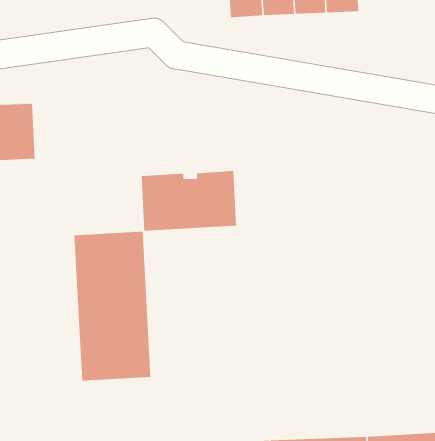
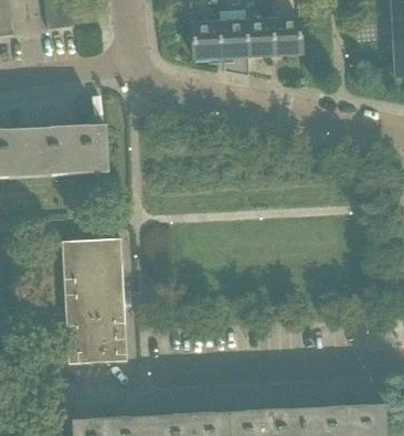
building: [141,171,237,231] -> [28,125,108,176]

